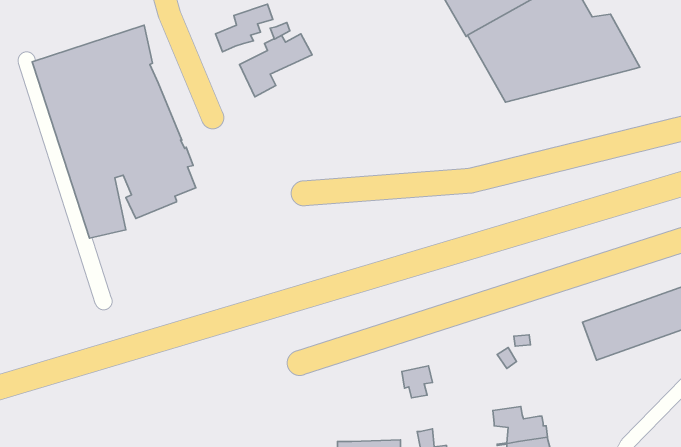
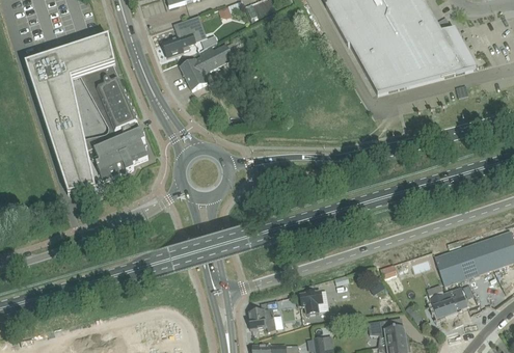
building: none -> [429,286,467,318]
building: none -> [248,300,276,330]

